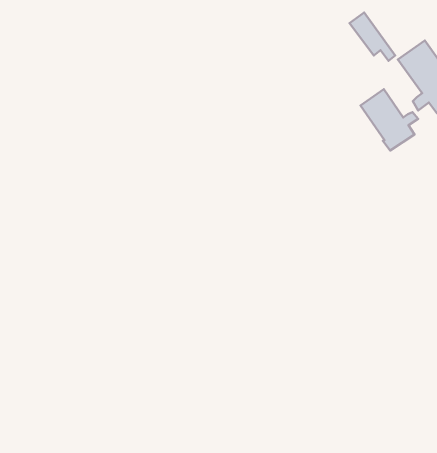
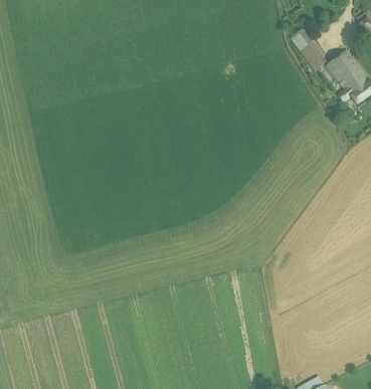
building: [360,89,418,150] -> none

